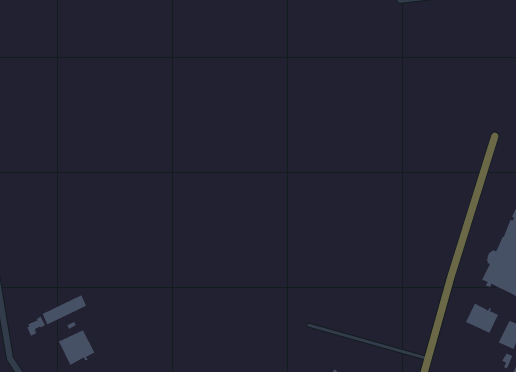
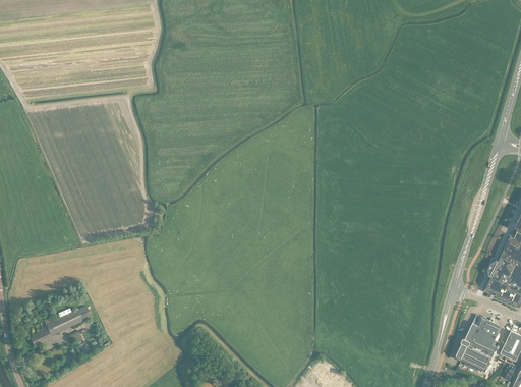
building: none -> [457,333,498,372]
building: [58,330,95,366] -> none

